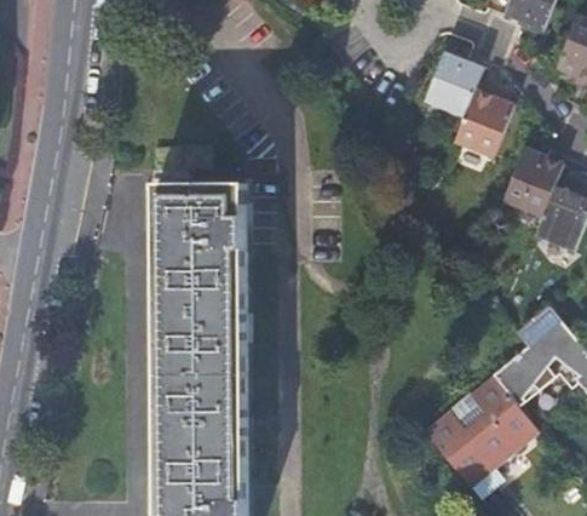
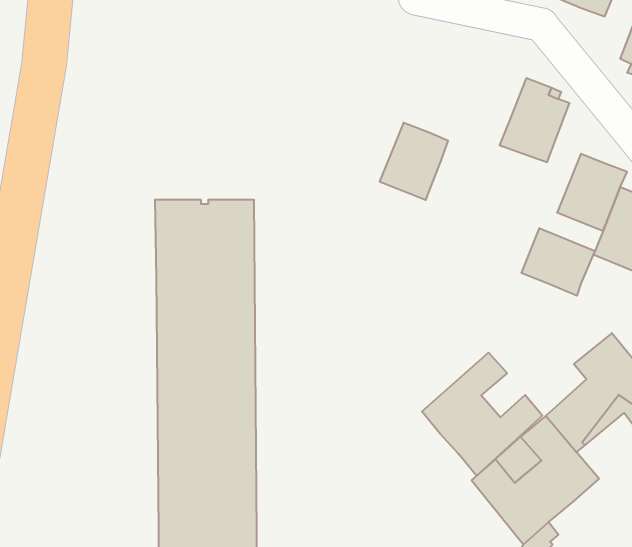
building: [422,51,482,117] -> [380,123,448,200]
building: none -> [521,228,595,296]
building: none -> [422,353,542,476]

